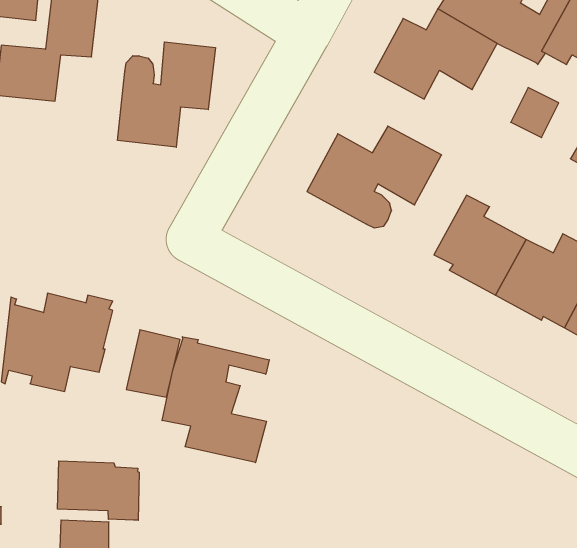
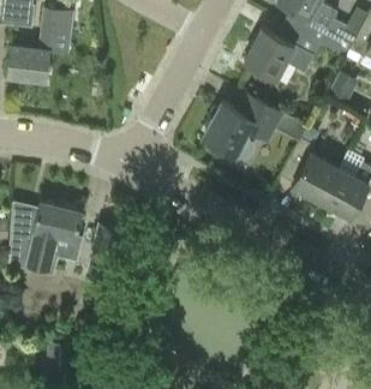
building: [118,42,215,147] -> none
building: [162,337,269,463] -> none
building: [58,461,139,520] -> none

